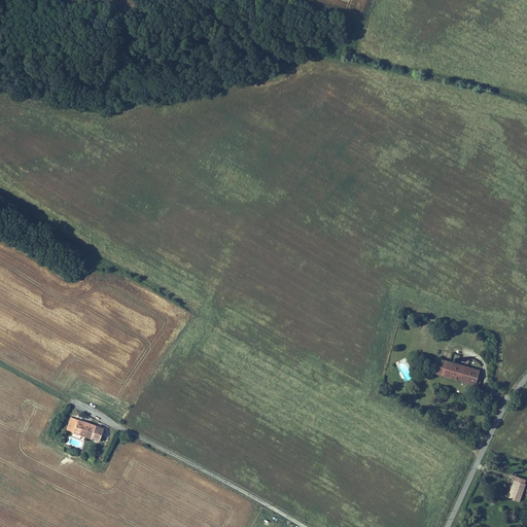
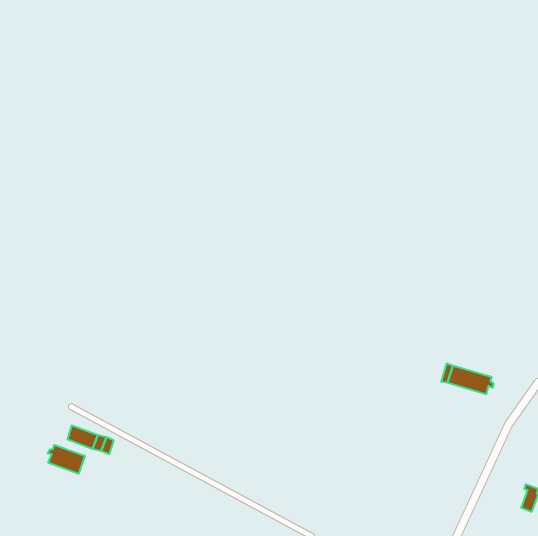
building: none -> [48,445,85,474]

